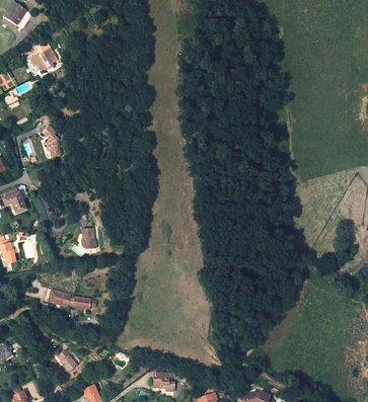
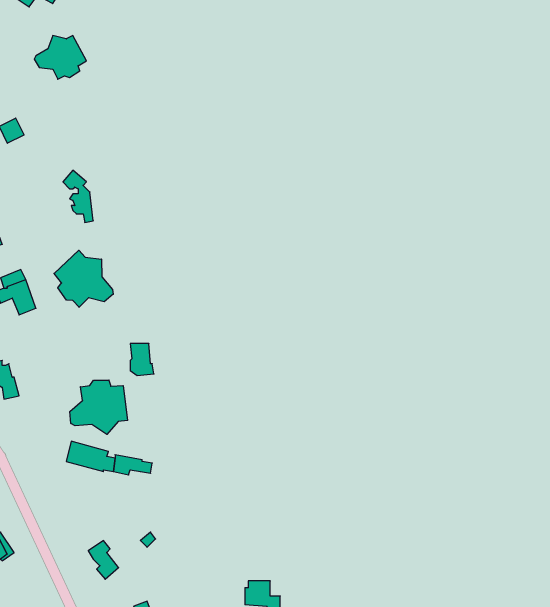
building: none -> [54,250,113,307]
building: none -> [70,380,128,434]

